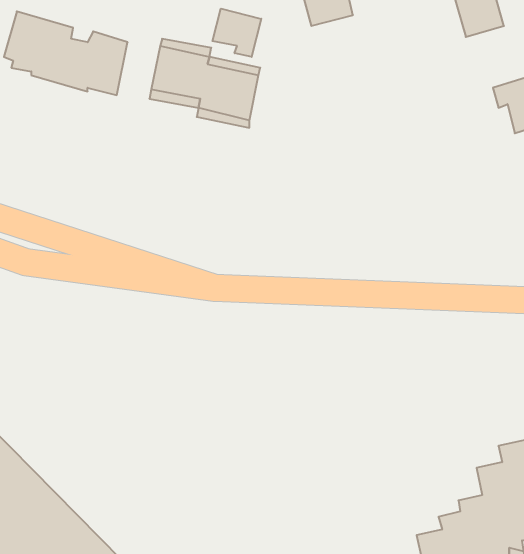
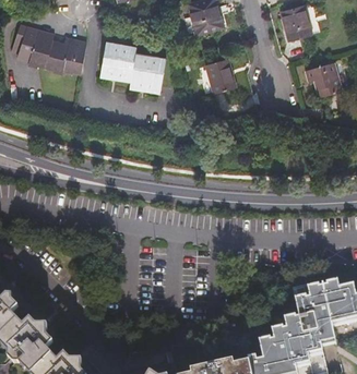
building: [212,9,261,57] -> none
building: none -> [205,59,235,94]

